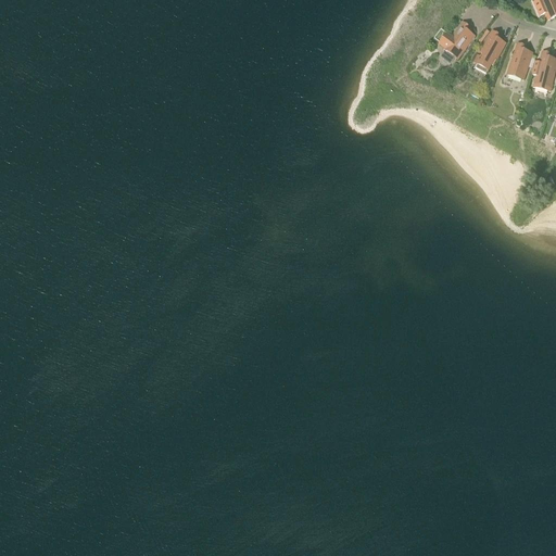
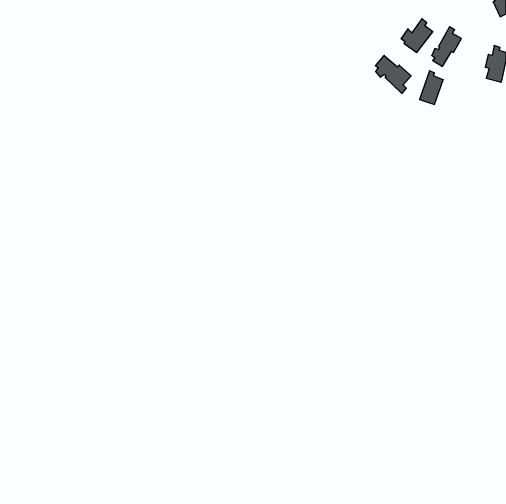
building: [507,42,533,79] -> [420,71,443,104]
building: none -> [375,55,411,93]

